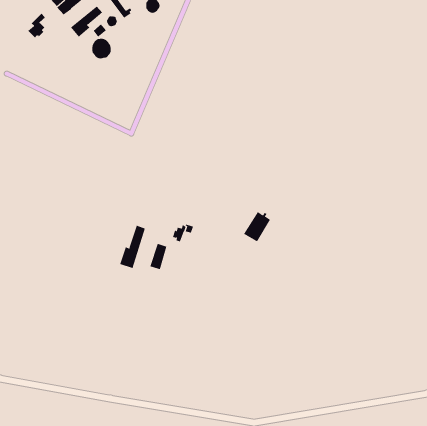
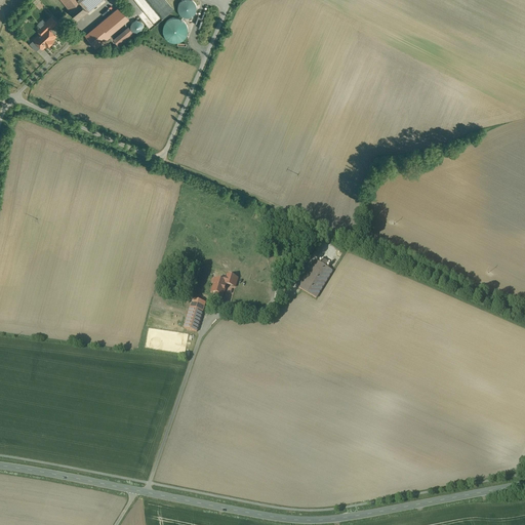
building: [91,38,112,59] -> [163,16,188,42]
building: [119,225,145,269] -> none

